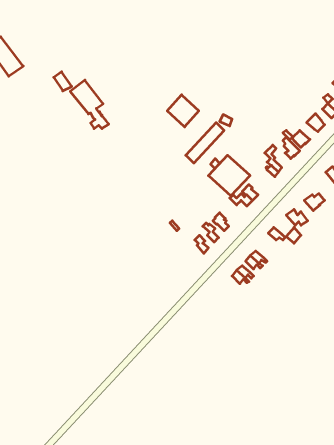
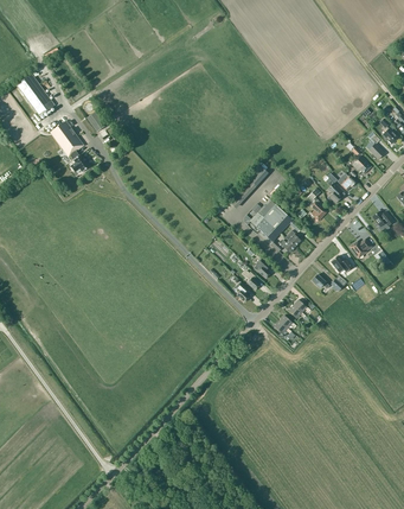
building: [70,80,109,129] -> [50,121,90,172]
building: [167,95,199,127] -> none

